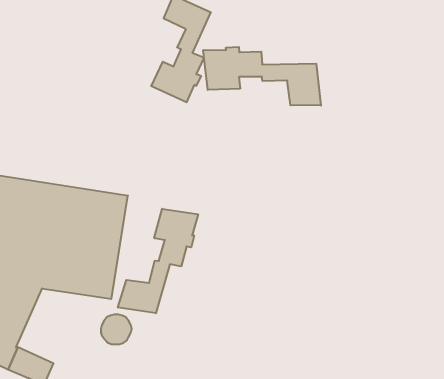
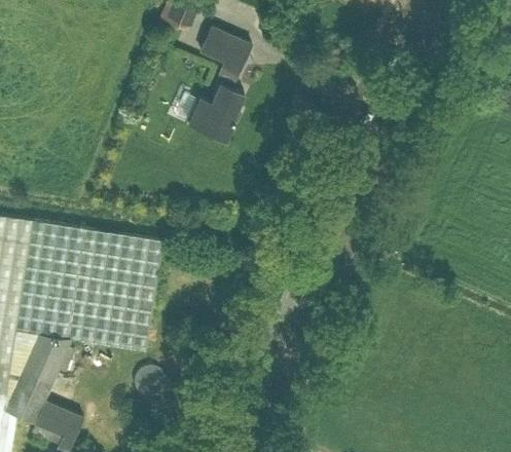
building: [203,47,321,106] -> none
building: [118,209,198,313] -> none

